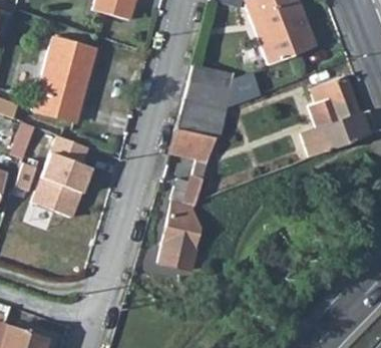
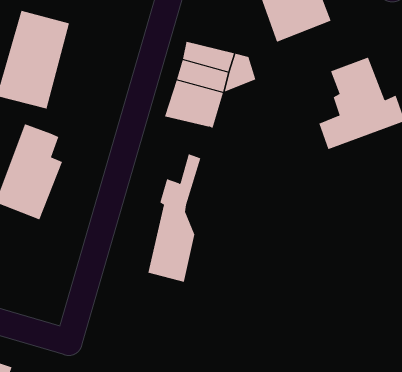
building: [168,128,213,163] -> none

